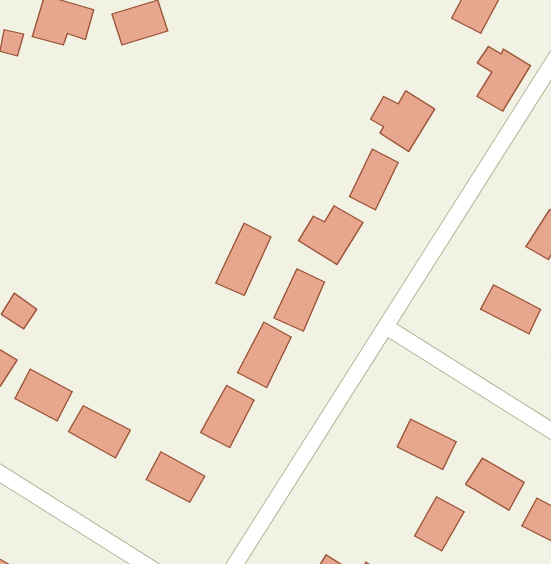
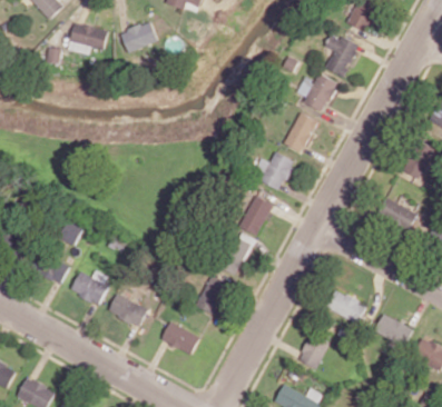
building: [477,47,531,111] -> [324,34,360,77]
building: [216,223,271,295] -> none
building: [414,497,464,551] -> [297,332,330,368]

